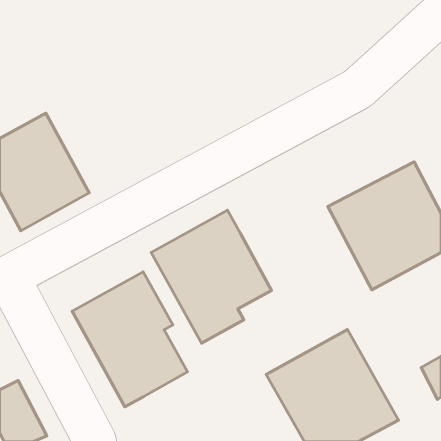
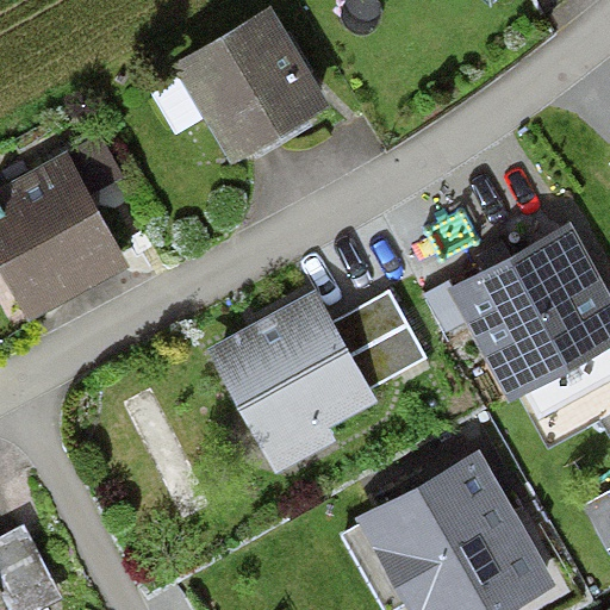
building: none -> [179,15,320,158]
building: none -> [331,291,425,390]
building: [72,272,188,407] -> none

